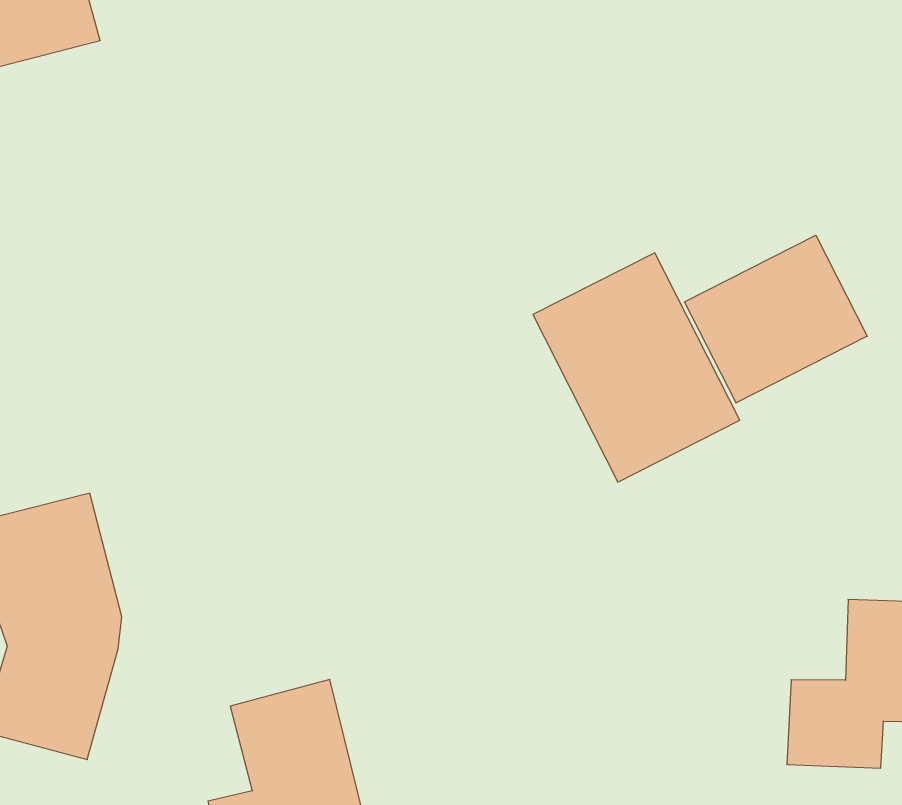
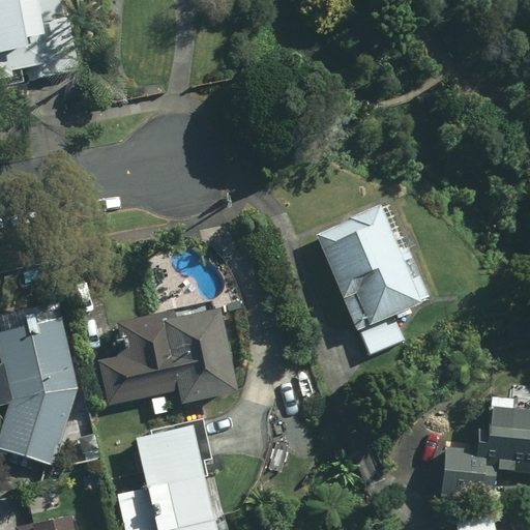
building: [685,235,867,403] -> none
building: none -> [99,311,235,405]

